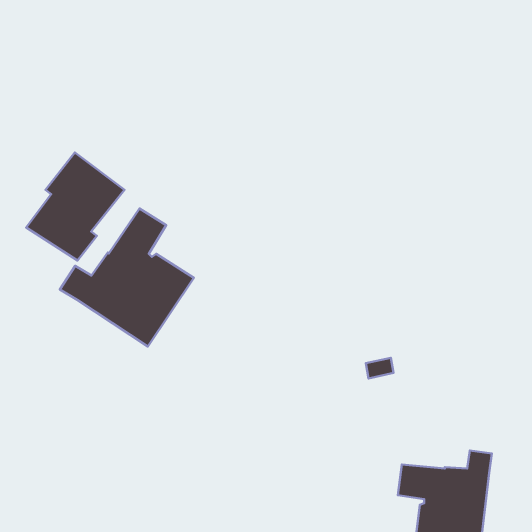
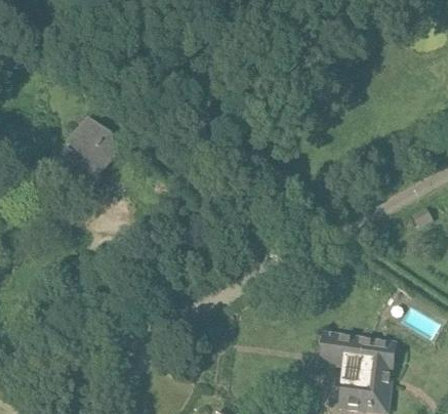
building: [60,208,194,346] -> none

